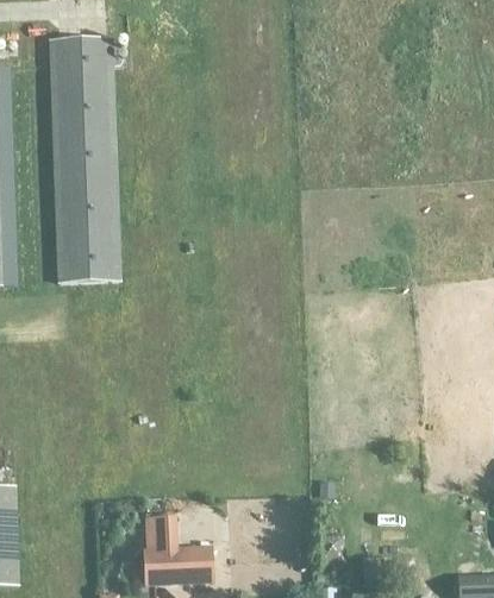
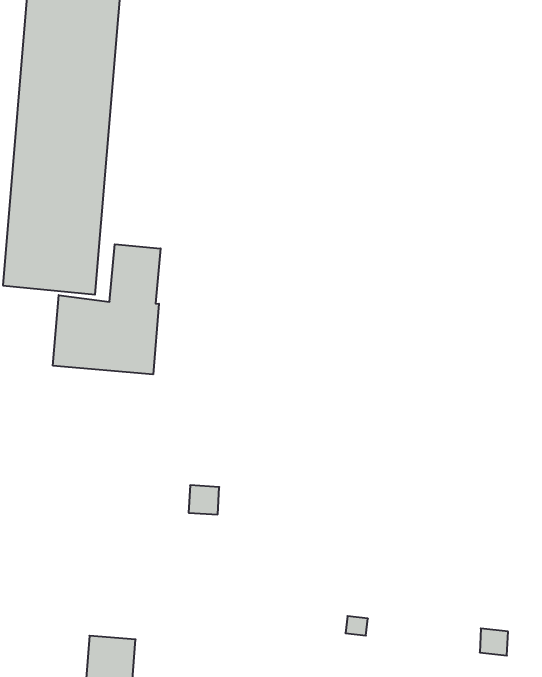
building: none -> [53,244,161,374]

